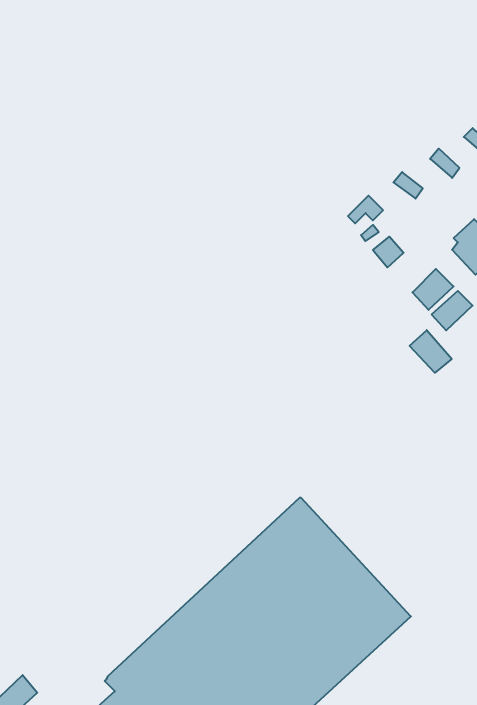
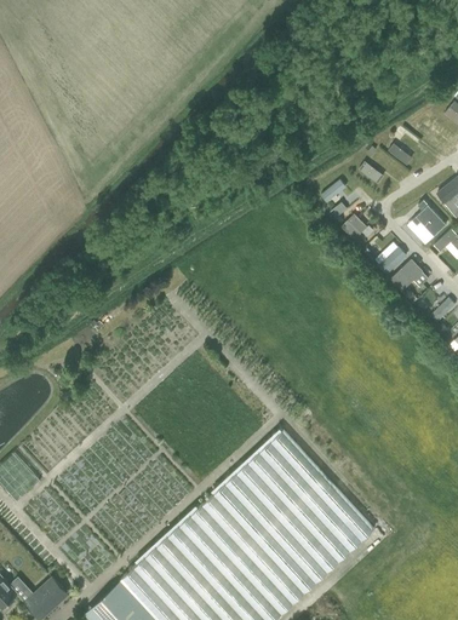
building: [410,330,452,373] -> none

